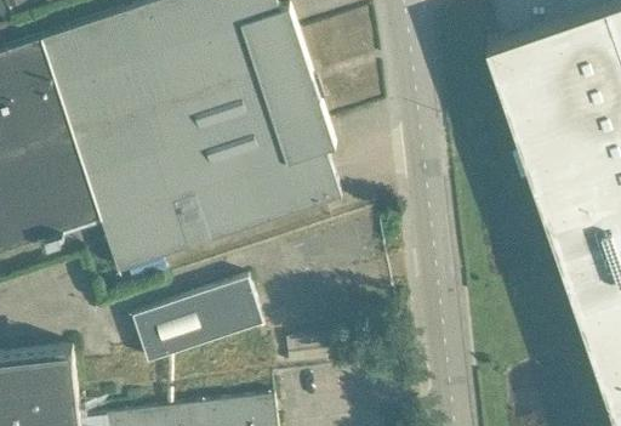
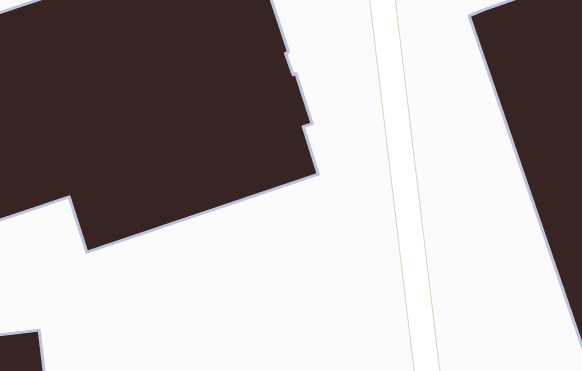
building: [132,278,263,362] -> none

